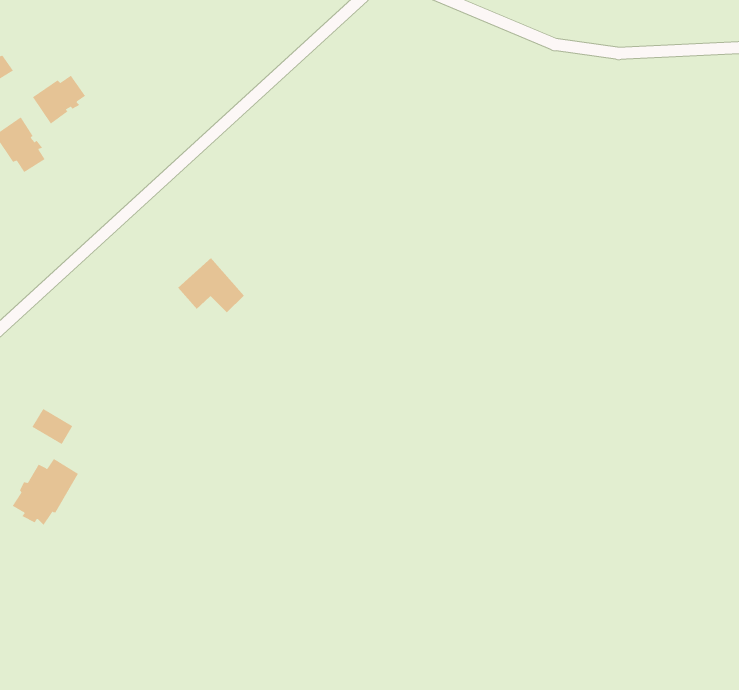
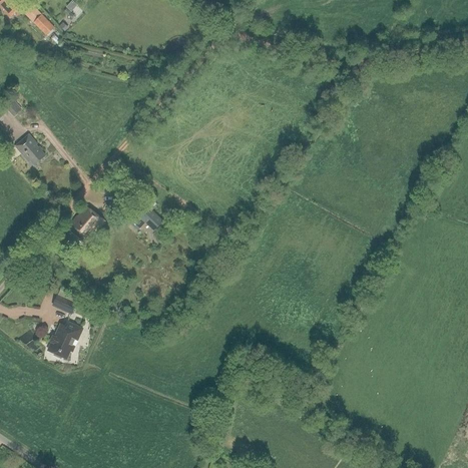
building: [32,75,86,125] -> none
building: none -> [68,205,103,242]

